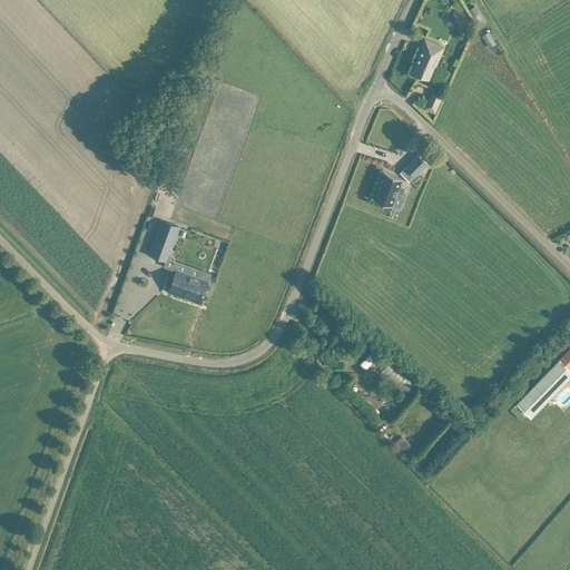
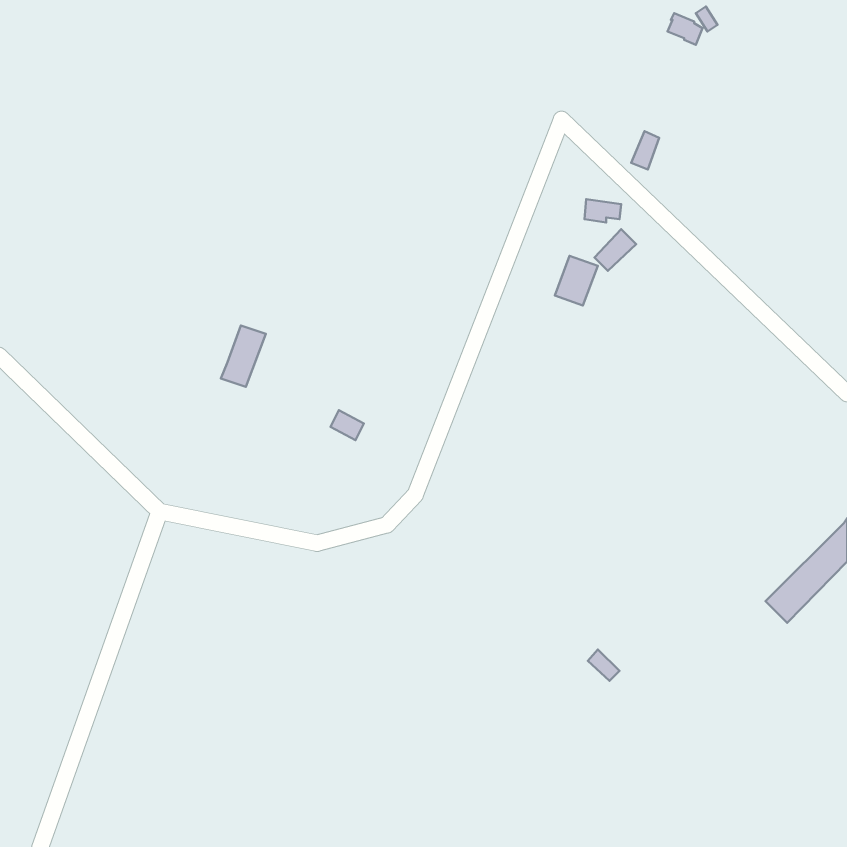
building: [410,39,443,80] -> none
building: [168,269,210,301] -> none

